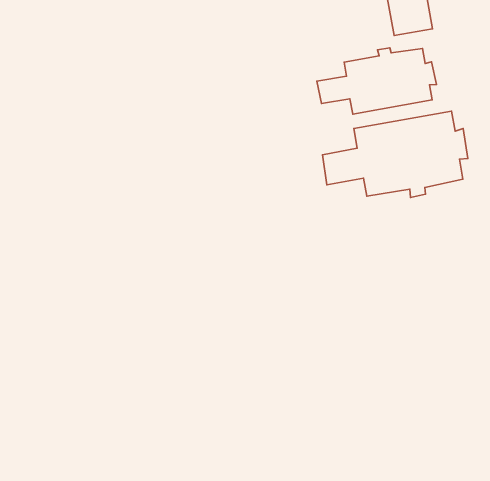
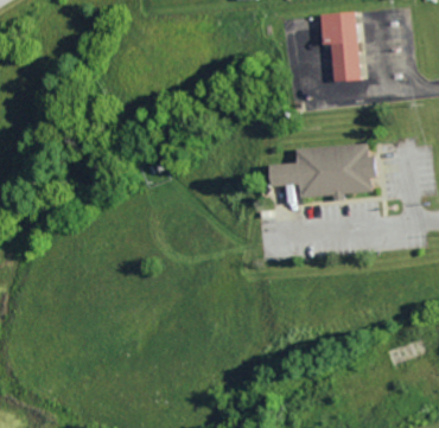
building: [317,48,436,114] -> none

